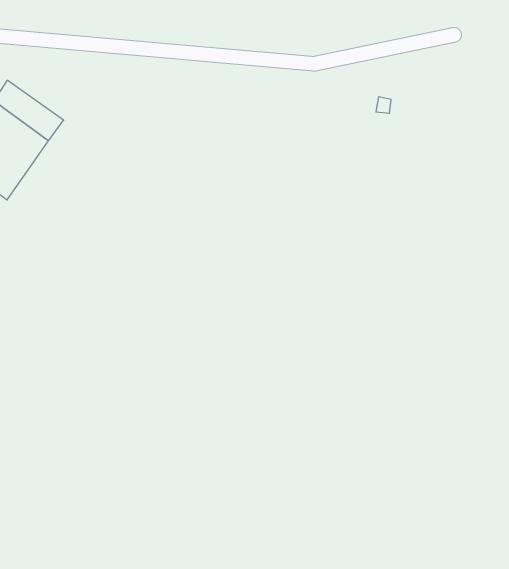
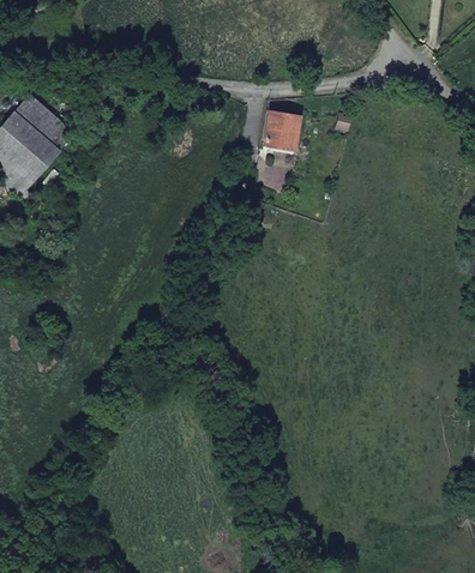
building: none -> [273,109,312,146]

